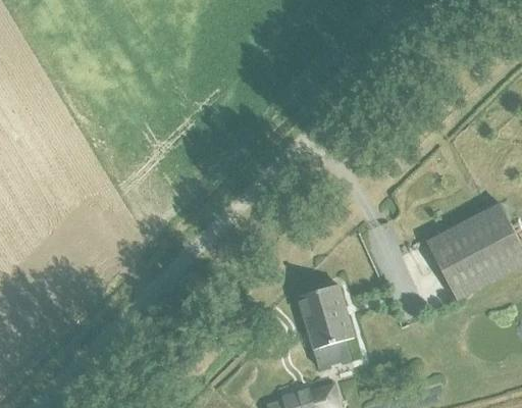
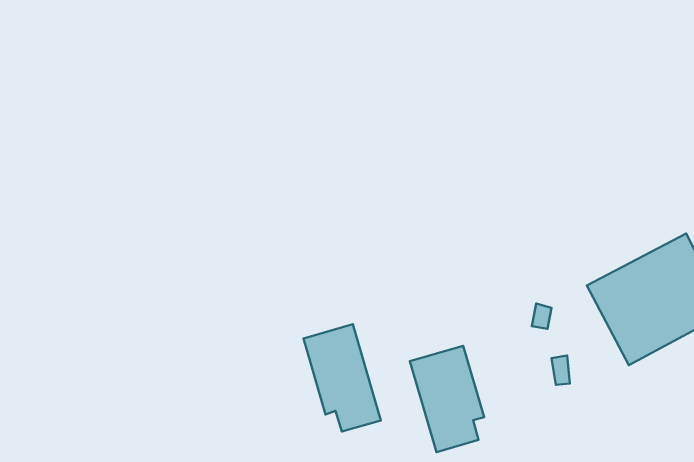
building: none -> [303,324,381,432]

